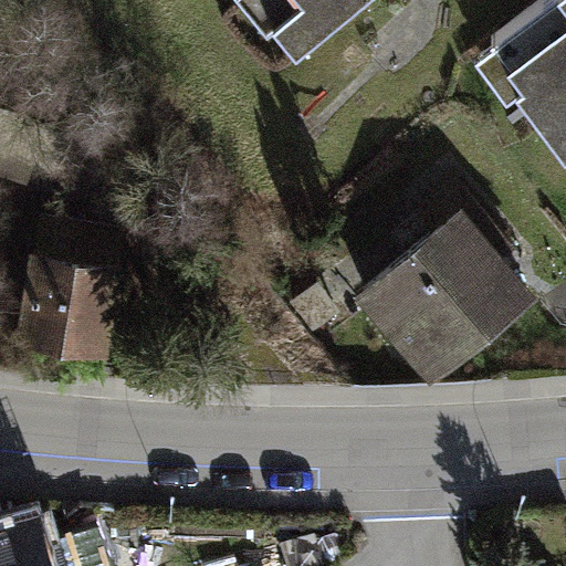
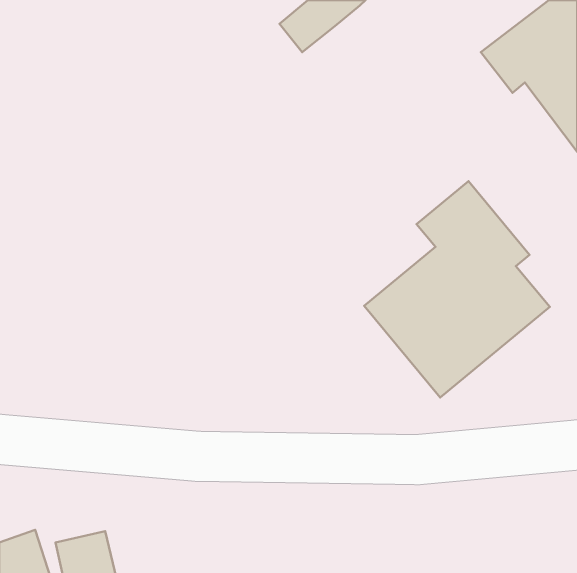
building: [18,233,127,373] -> none

